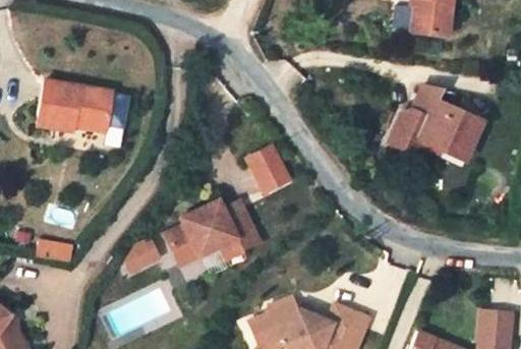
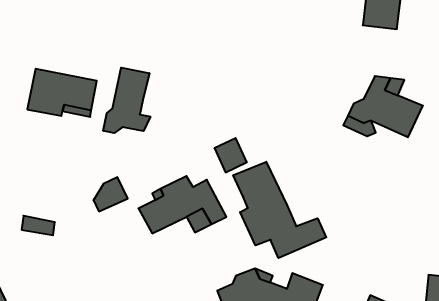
building: none -> [103,68,150,133]
building: none -> [233,162,326,258]
building: [123,236,161,274] -> [93,177,128,211]

